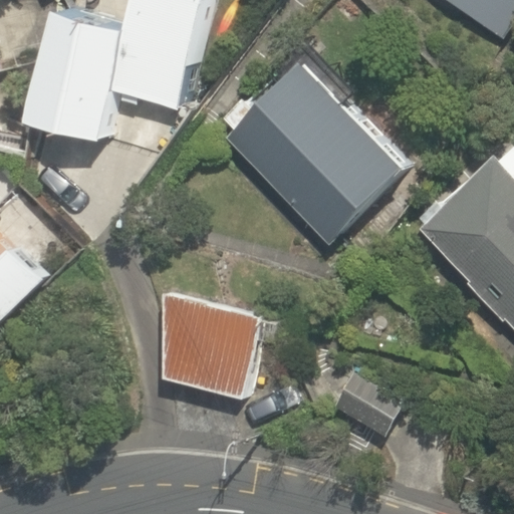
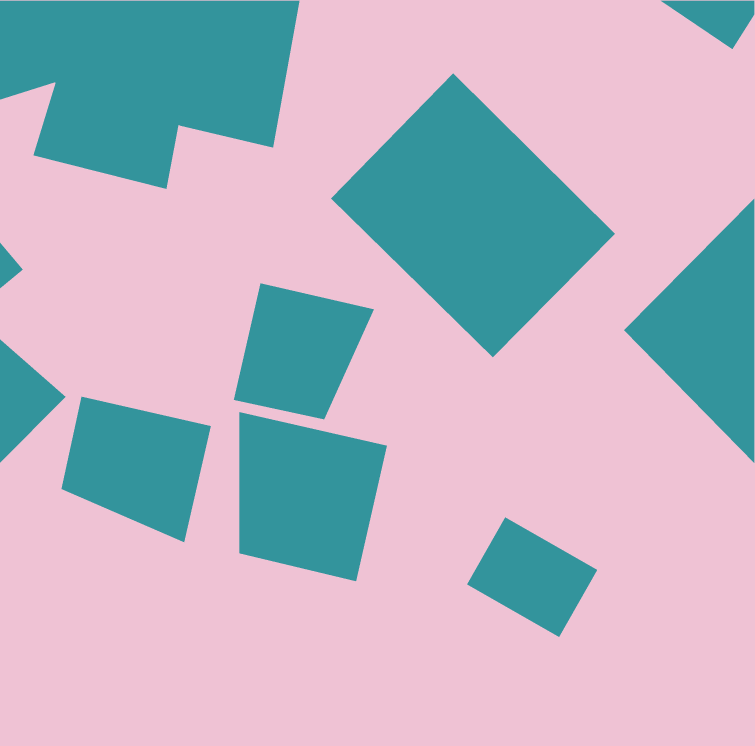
building: none -> [233,282,375,420]
building: none -> [61,396,211,543]

